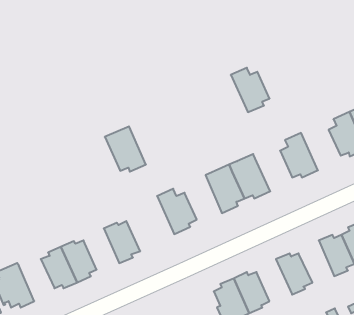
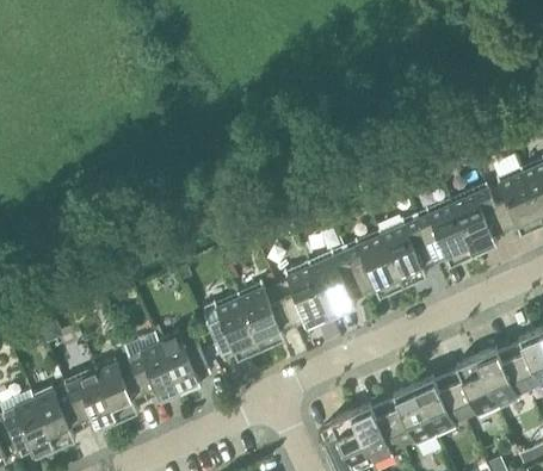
building: [231,68,270,112] -> [380,218,437,284]
building: none -> [450,187,508,253]
building: [105,126,146,172] -> [202,291,263,358]
building: none -> [278,260,333,326]
building: none -> [119,322,181,399]
building: none -> [446,357,499,419]
building: none -> [33,384,86,446]
building: none -> [384,384,437,446]

